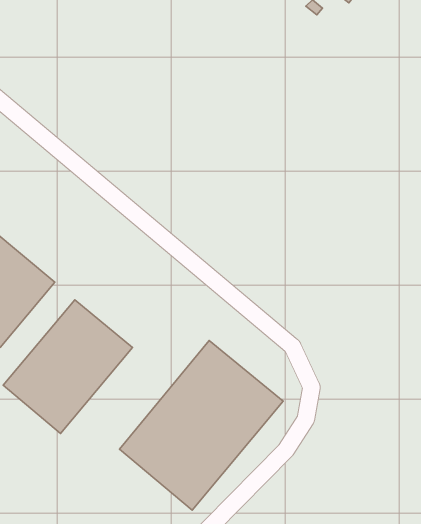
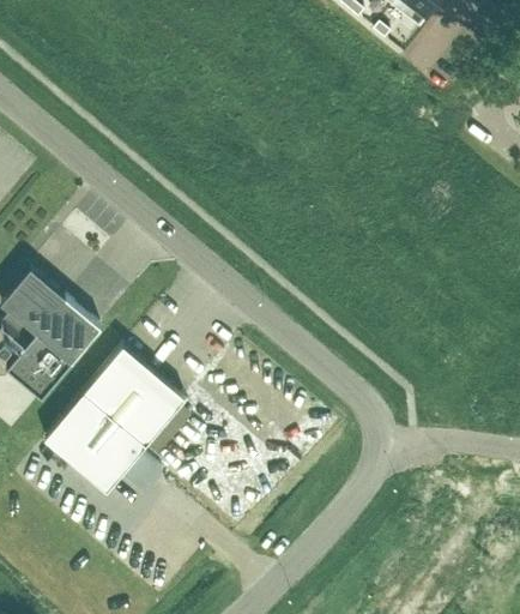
building: [120,340,283,510] -> none

